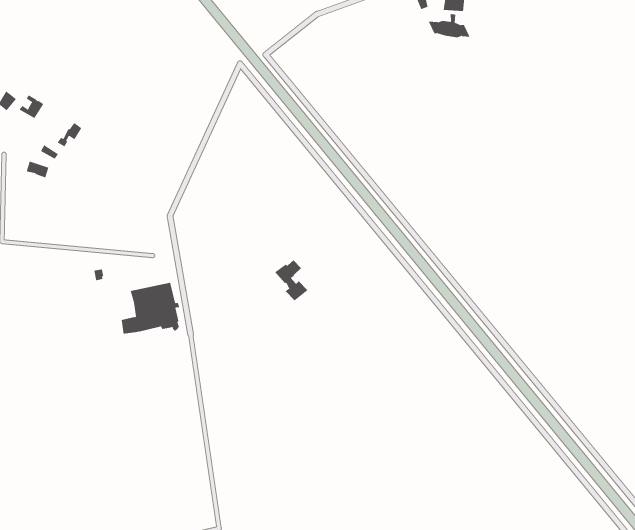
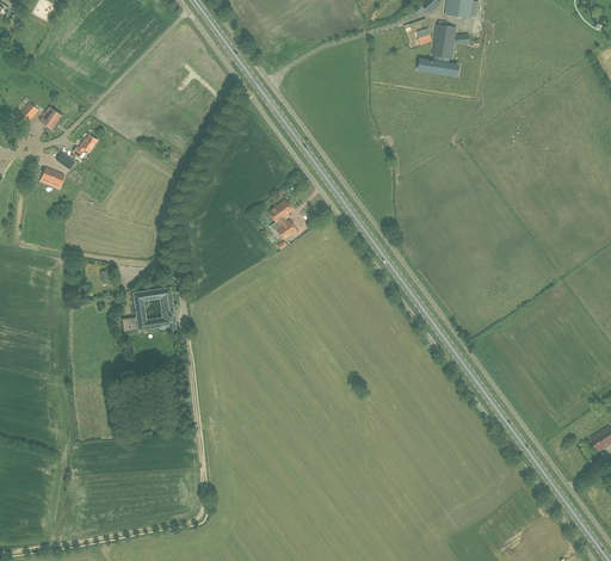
building: [275,260,308,301] -> [267,202,297,240]

